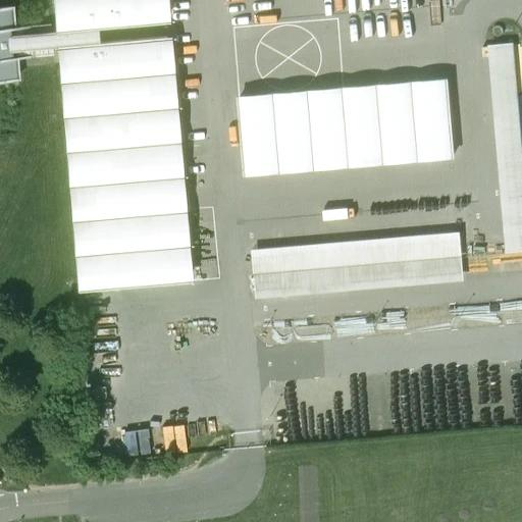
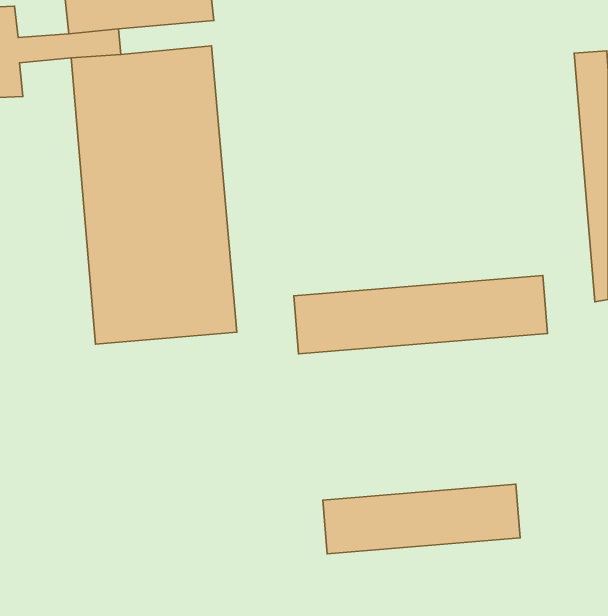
building: [237,79,453,177] -> none
building: none -> [323,484,520,554]

